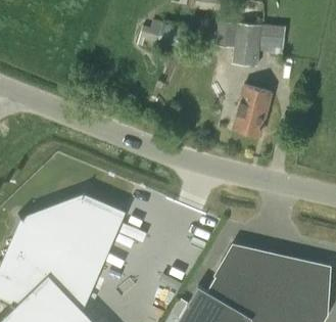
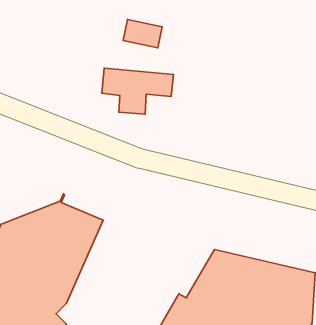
building: [215,22,285,67] -> [102,68,173,114]
building: [233,87,272,138] -> none

